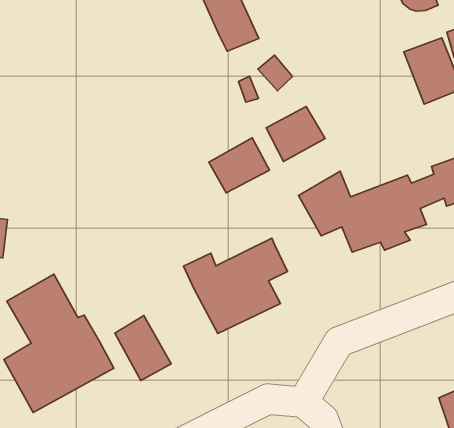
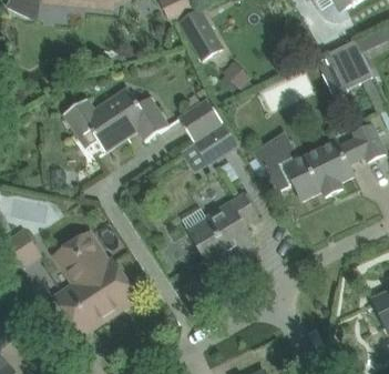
building: none -> [63,87,168,151]
building: [266,106,325,161] -> [177,100,221,141]
building: [115,316,171,381] -> none

